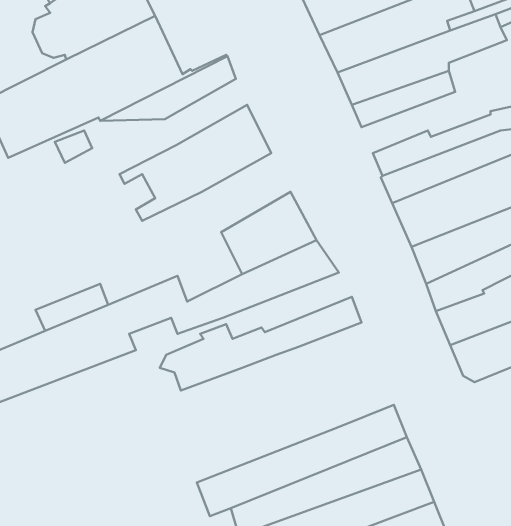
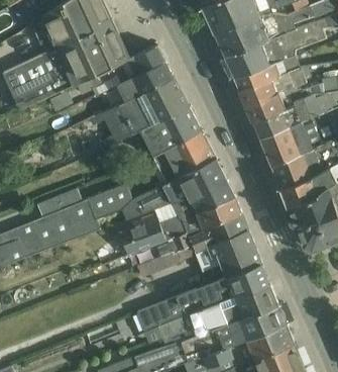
building: none -> [117,60,168,101]
building: none -> [240,65,309,106]
building: none -> [140,106,196,156]
building: none -> [153,181,234,222]
building: none -> [135,212,260,278]

